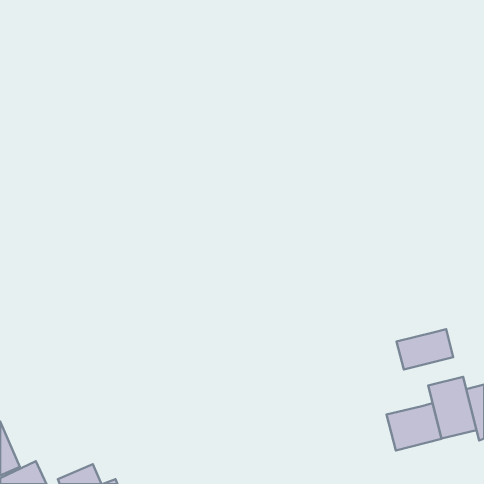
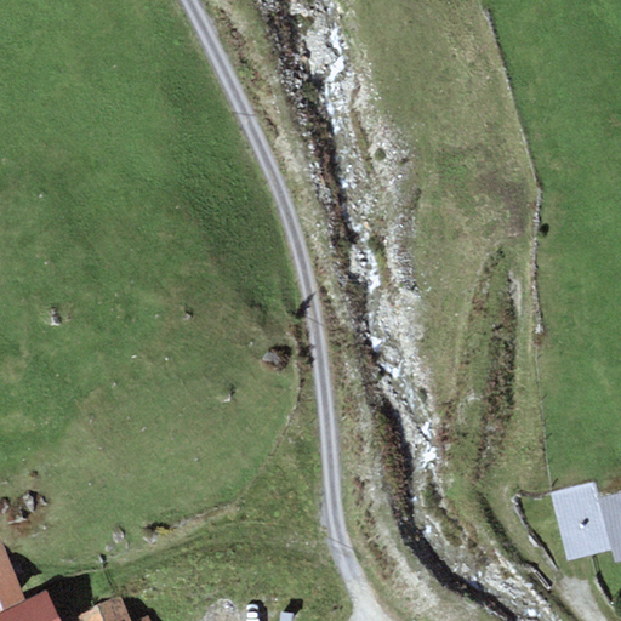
building: [397,329,453,370] -> none
building: [387,403,441,450] -> none

